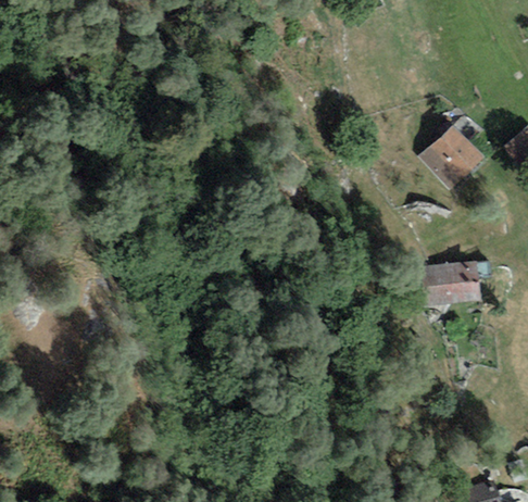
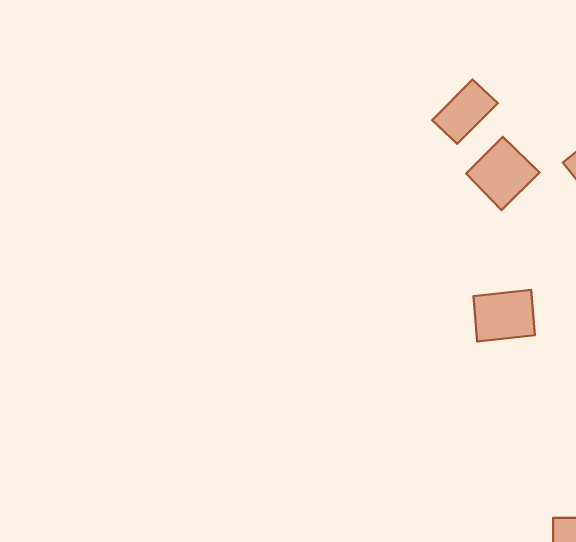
building: none -> [432,80,498,144]

